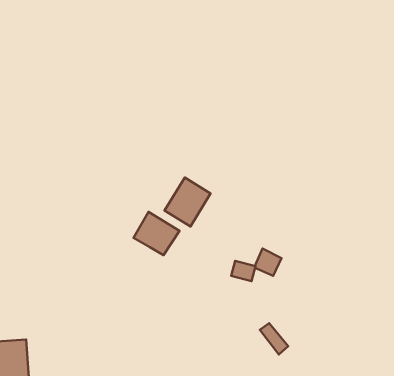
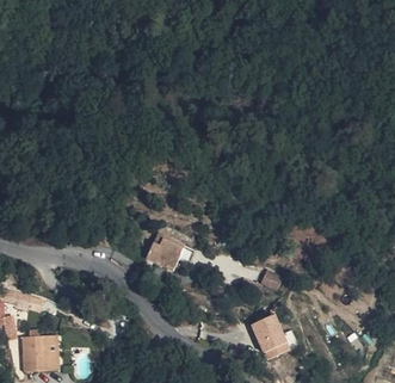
building: [165,178,211,226] -> none

